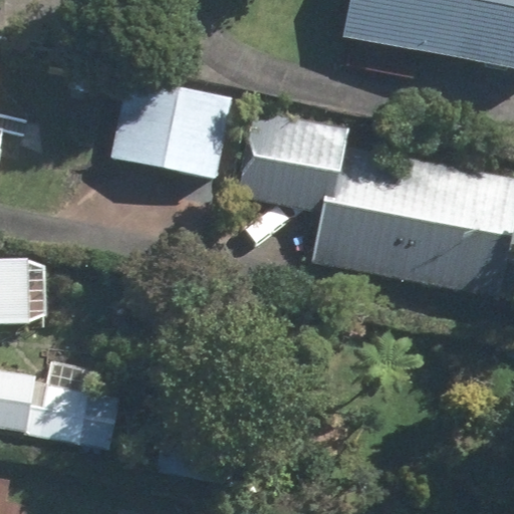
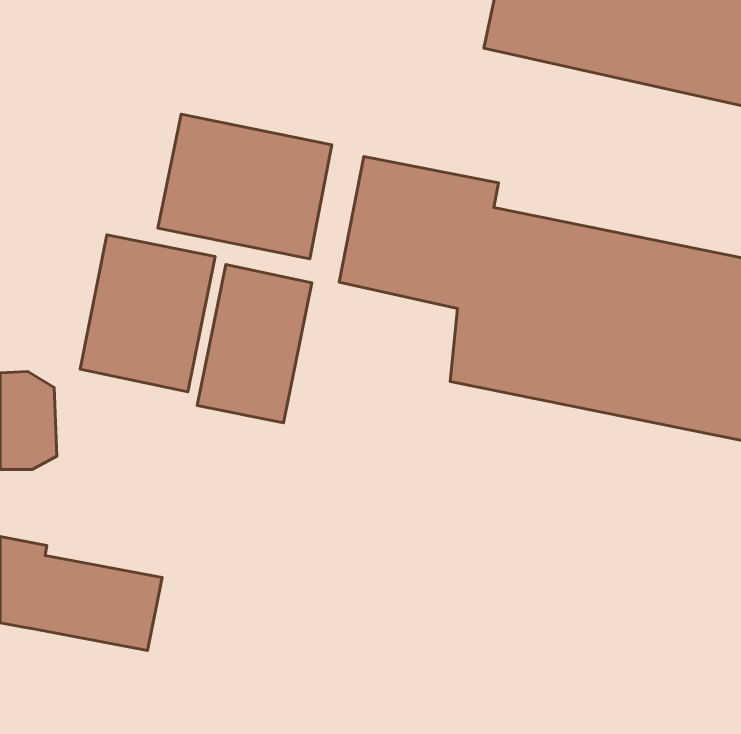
building: none -> [80,235,215,392]
building: none -> [197,264,312,423]

